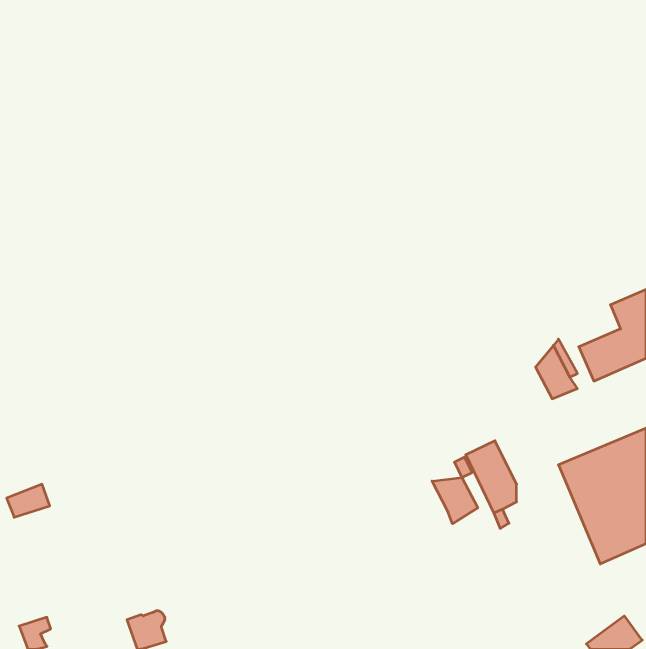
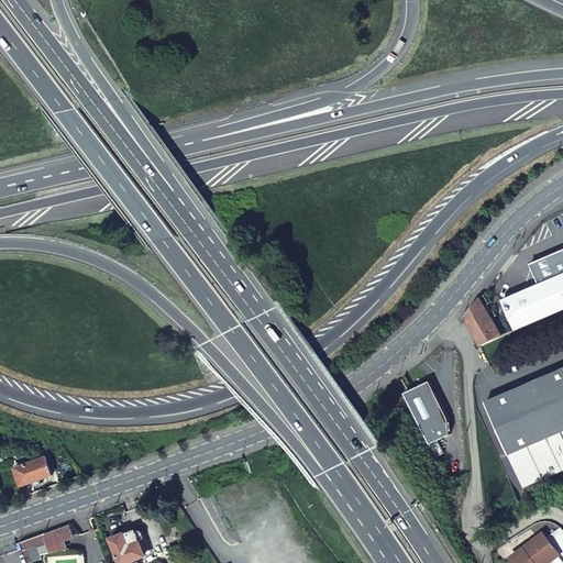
building: [432,478,478,524] -> none
building: [7,484,50,517] -> [13,455,51,484]
building: none -> [35,525,70,556]

